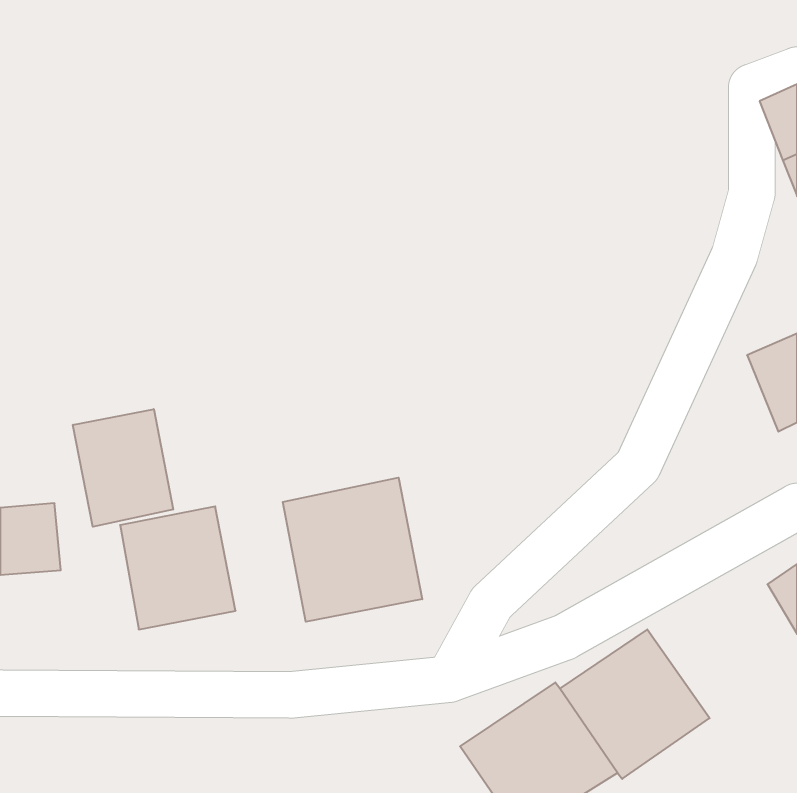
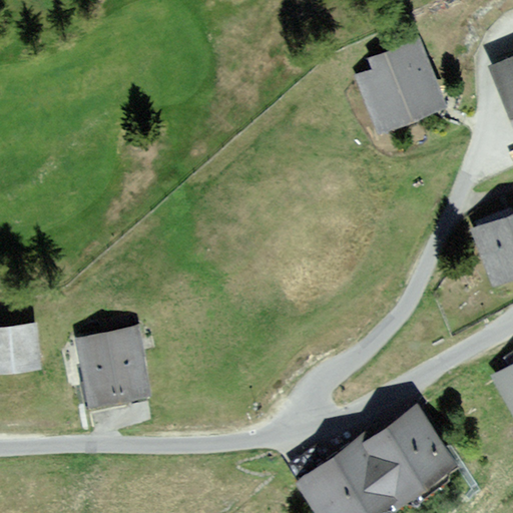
building: none -> [356,39,446,133]
building: [73,409,173,527] -> none
building: [283,478,422,622] -> none

